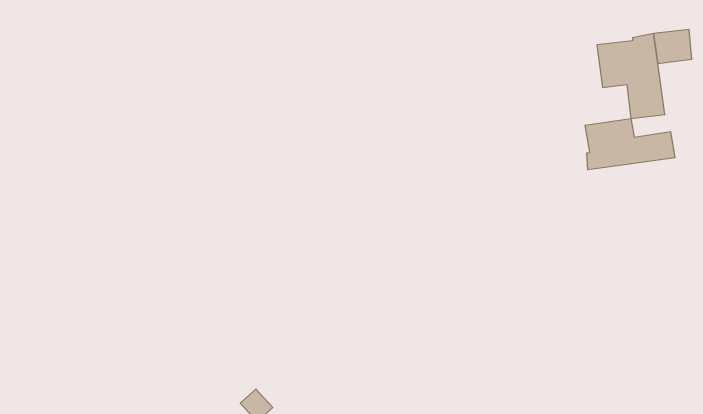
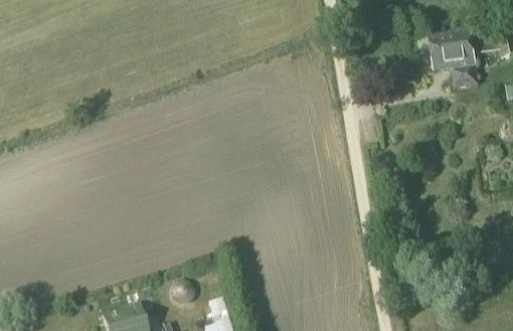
building: [585,119,675,170] -> none

